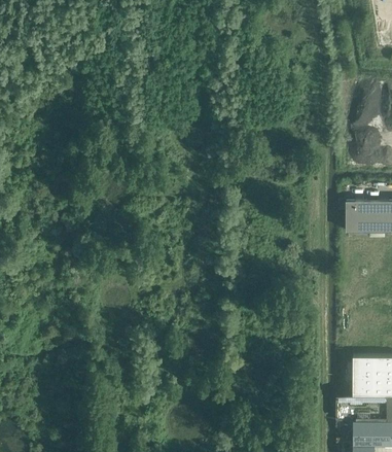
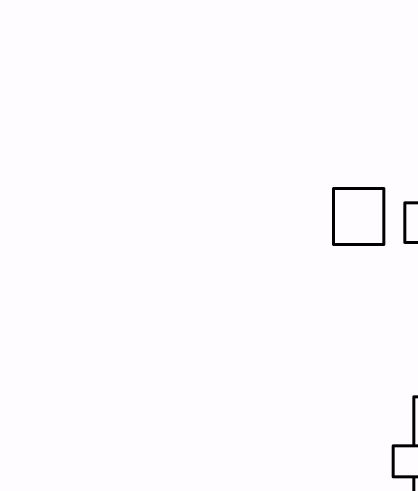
building: none -> [333,189,384,244]

